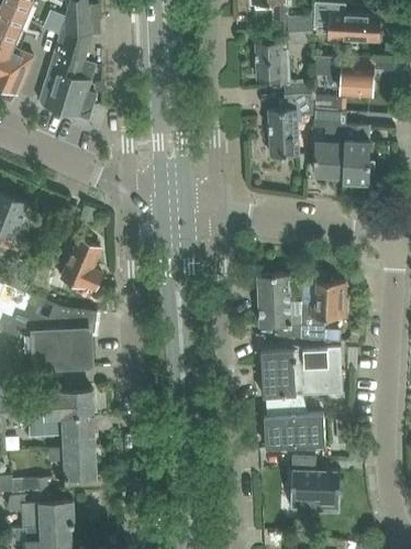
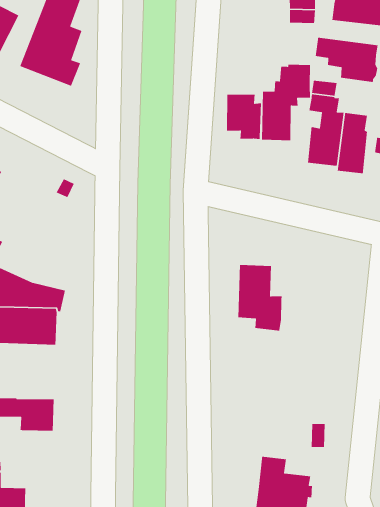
building: [255,42,290,86] -> [226,94,262,140]
building: [62,239,102,289] -> none
building: [301,282,348,340] -> none
building: [260,348,343,448] -> none
building: [57,389,93,417] -> none
building: [49,446,97,477] -> none

